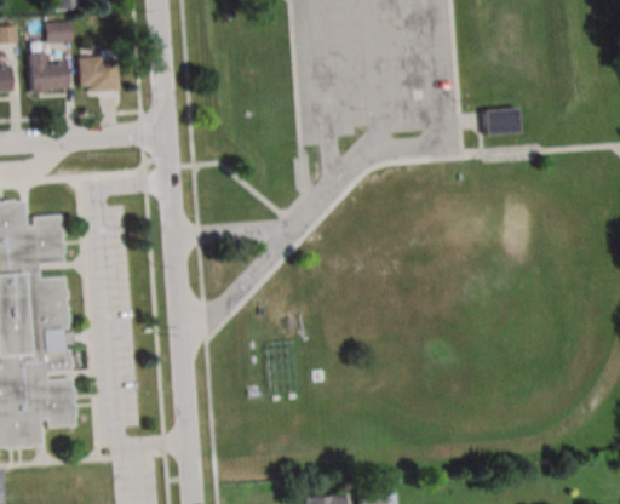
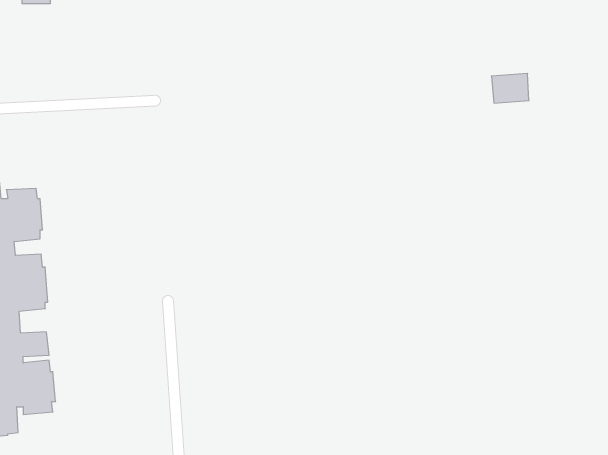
building: [30,53,67,91] -> none
building: [79,56,117,92] -> none

